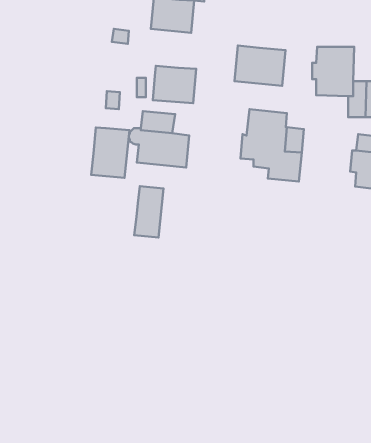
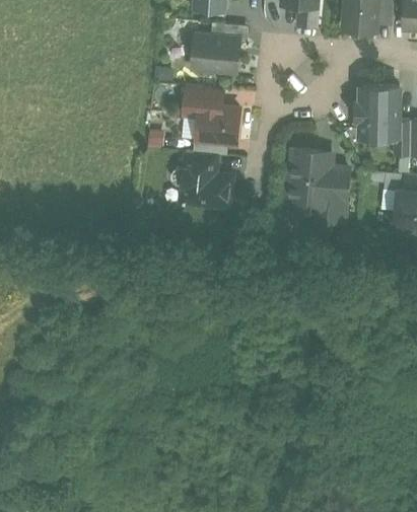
building: [235,45,285,86] -> none
building: none -> [184,85,223,115]
building: [91,127,129,178] -> none
building: [134,186,163,237] -> none

